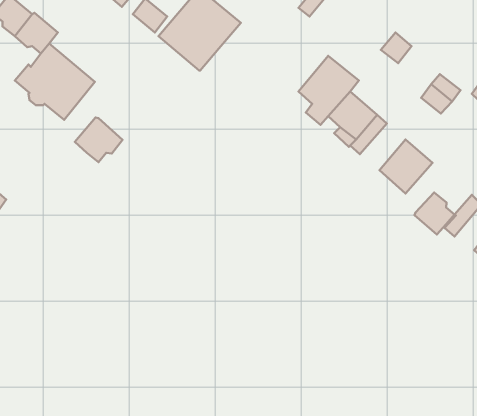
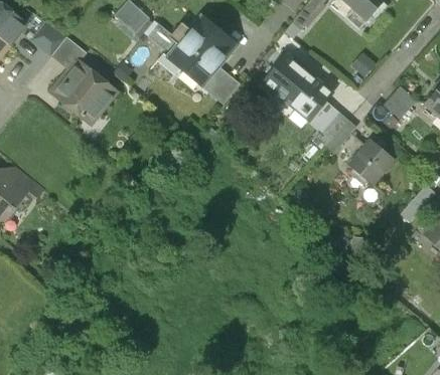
building: none -> [261,53,307,101]
building: none -> [200,65,240,104]
building: [75,117,122,162] -> none
building: [415,192,454,234] -> none

